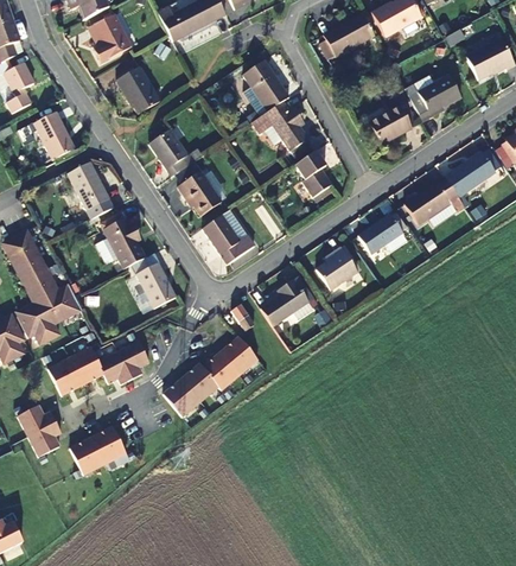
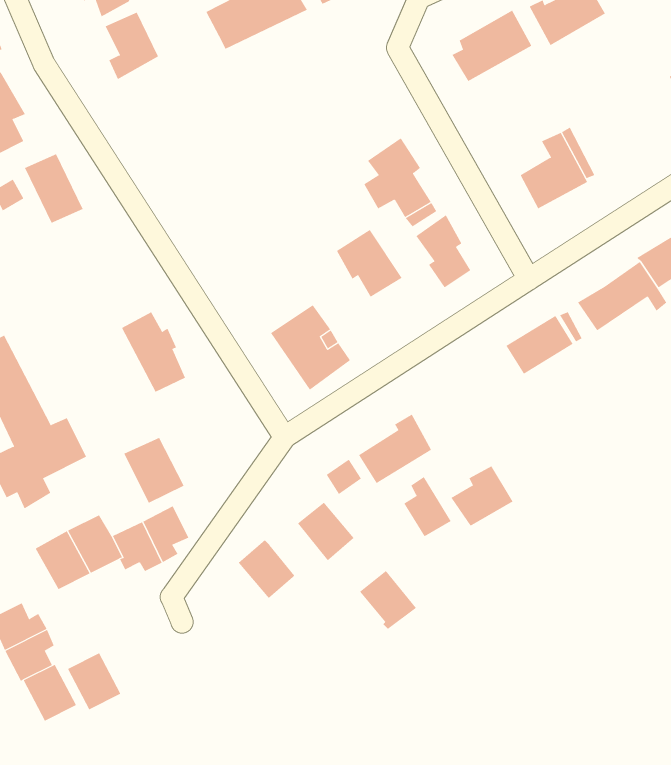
building: [240,59,287,113] -> none
building: [115,63,159,110] -> none
building: [401,75,460,122] -> none
building: [149,125,195,174] -> none
building: [68,160,113,214] -> none
building: [179,168,223,214] -> [336,229,403,298]
building: [314,248,356,288] -> [451,465,513,527]
building: [132,266,172,310] -> [124,437,185,504]
building: none -> [404,476,451,537]
building: [200,352,238,392] -> [359,570,417,629]
building: [160,379,199,418] -> none
building: [88,427,123,465] -> [23,664,77,721]

